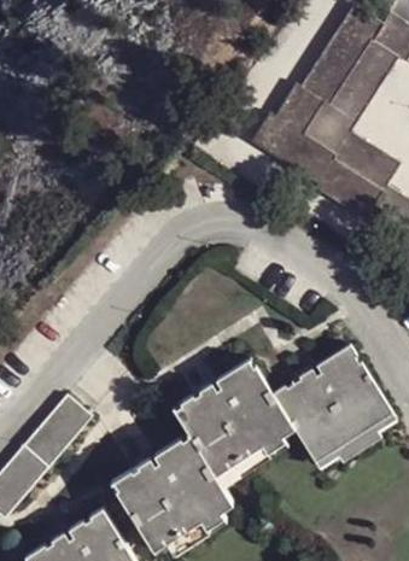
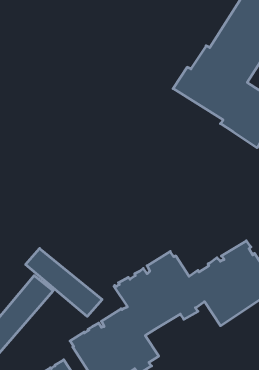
building: none -> [26,248,102,316]

